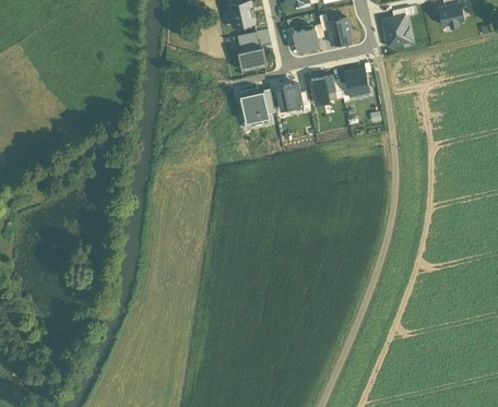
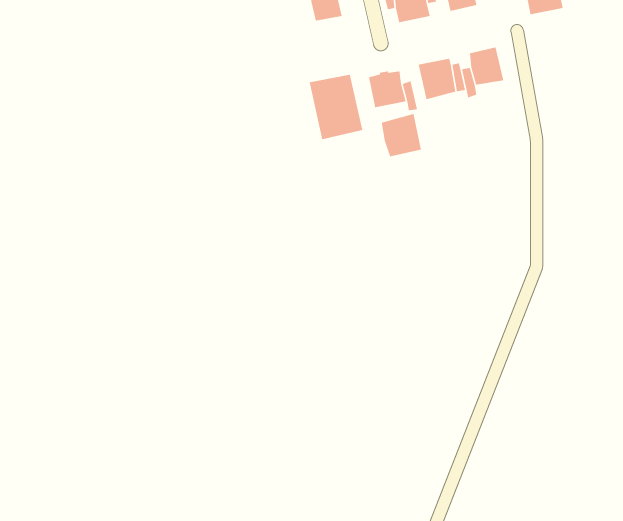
building: [237,46,265,70] -> none
building: none -> [381,113,422,157]

